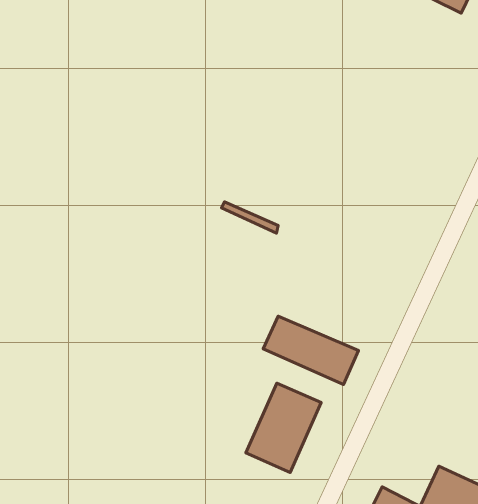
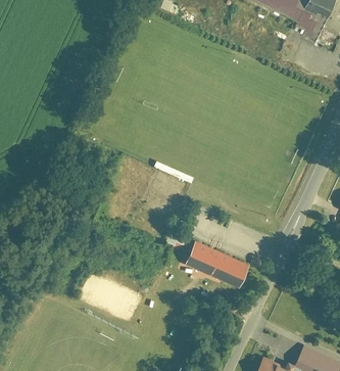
building: [246,383,321,472] -> none

